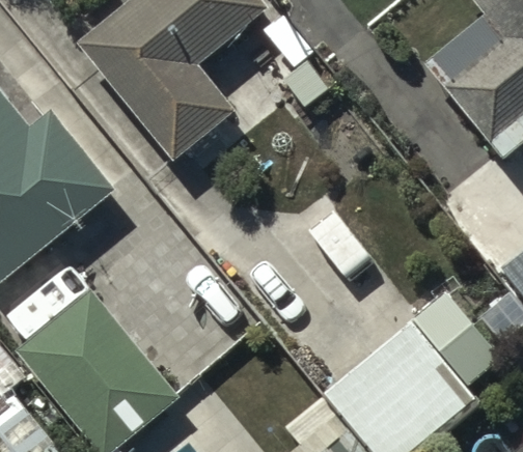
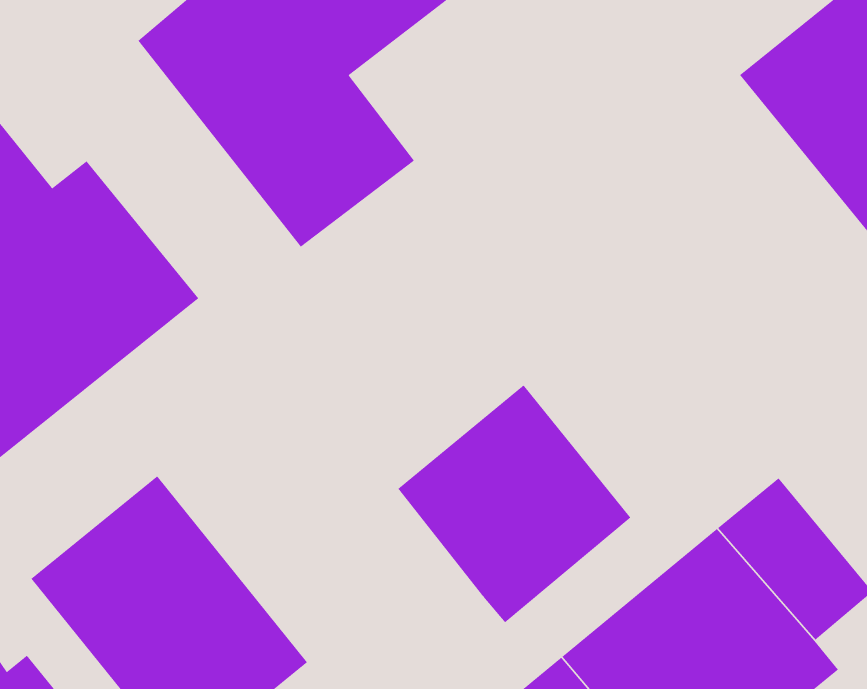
building: none -> [398,385,631,623]

